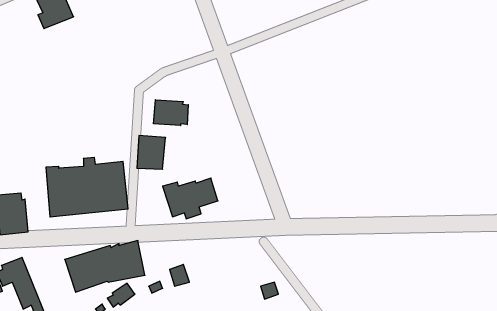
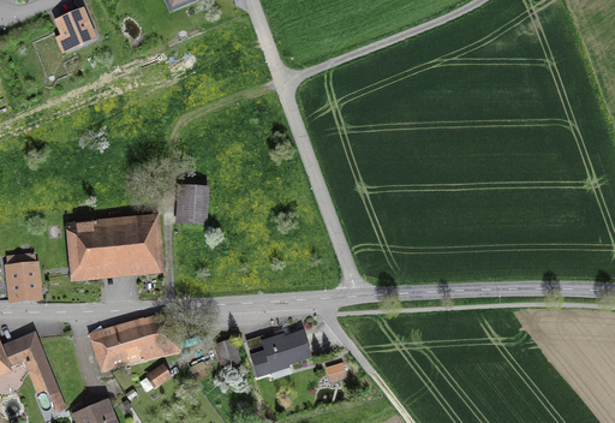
building: [154,100,188,126] -> none
building: [163,178,218,219] -> [244,329,311,379]

